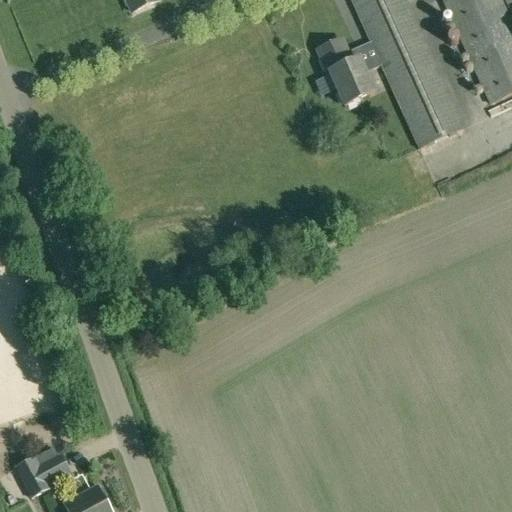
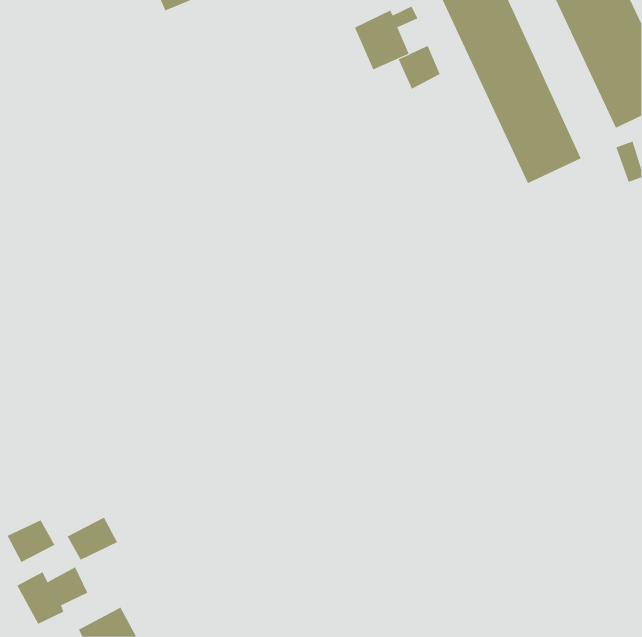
building: [329,53,380,104] -> [354,6,418,70]
building: none -> [67,517,118,561]
building: none -> [7,519,55,563]

